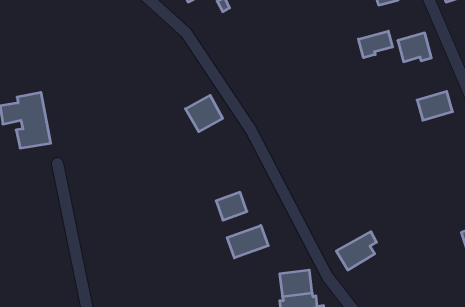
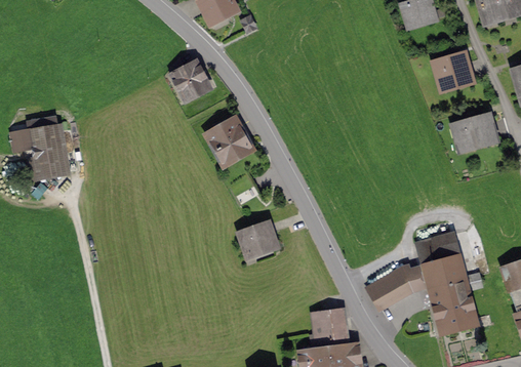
building: [358,31,393,58] -> none
building: none -> [170,60,210,98]
building: none -> [416,234,481,332]
building: [227,225,268,258] -> none

